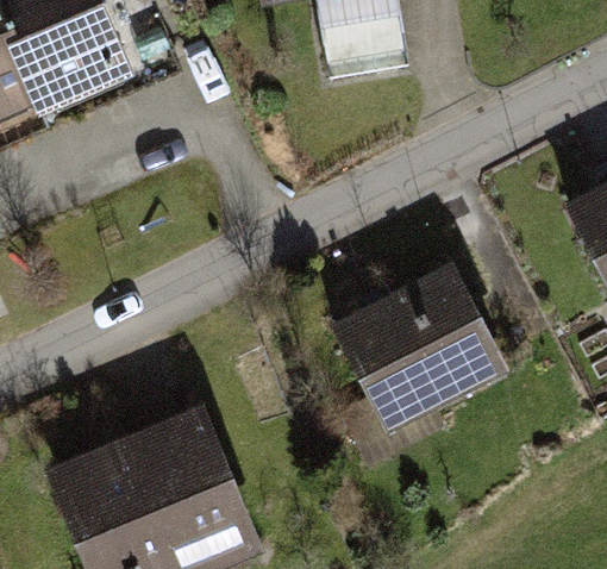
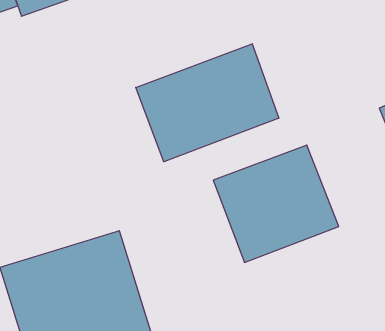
building: none -> [136,44,279,162]

